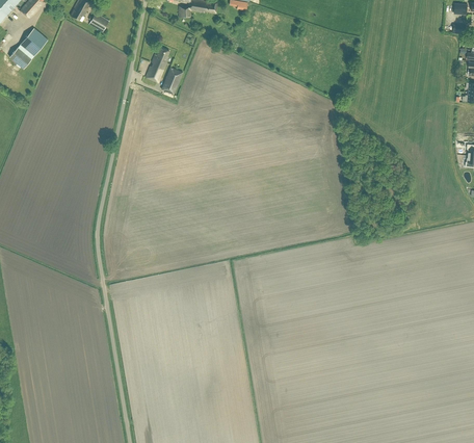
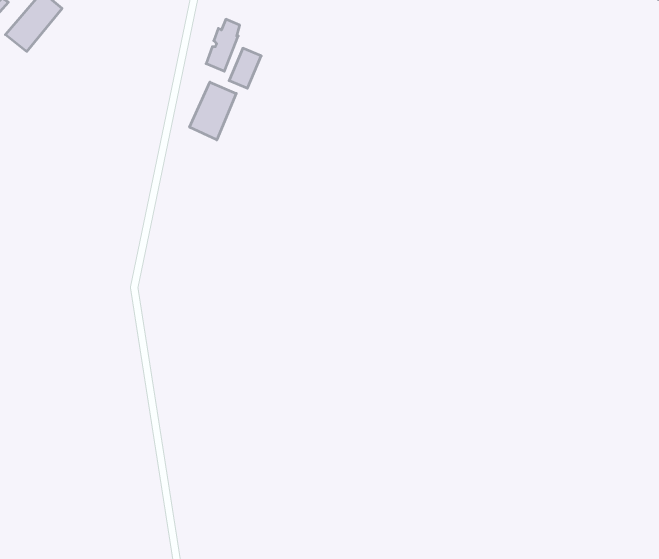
building: none -> [190,82,236,140]

